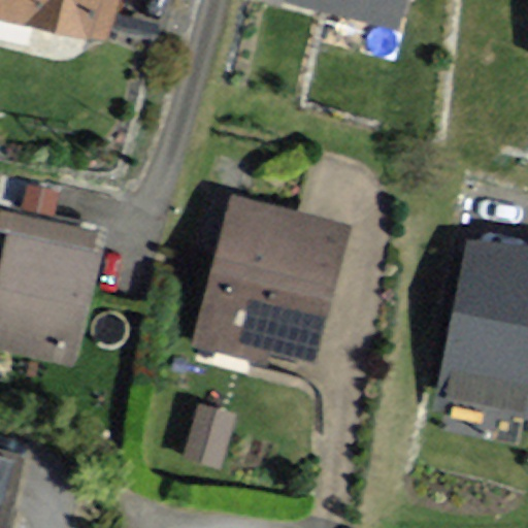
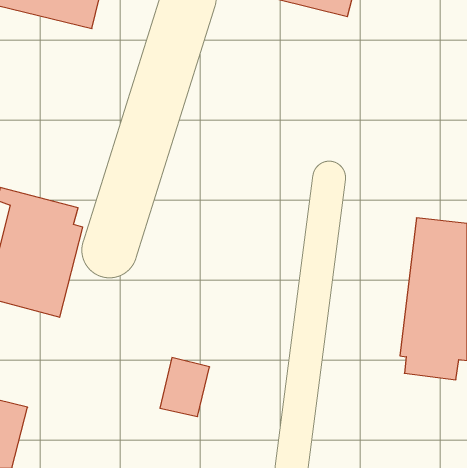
building: [197,195,345,358] -> none

